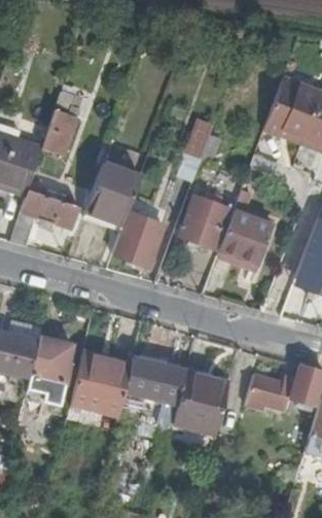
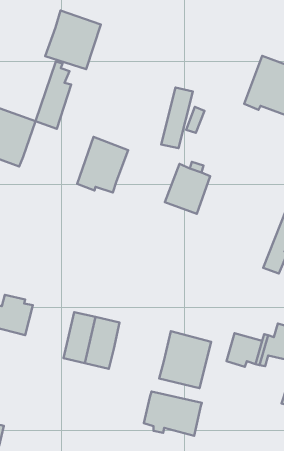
building: none -> [45,10,101,69]
building: [10,186,79,243] -> none
building: [220,209,274,264] -> none
building: [112,212,165,268] -> none
building: [27,338,72,404] -> none
building: [124,357,186,405] -> [144,391,202,436]

